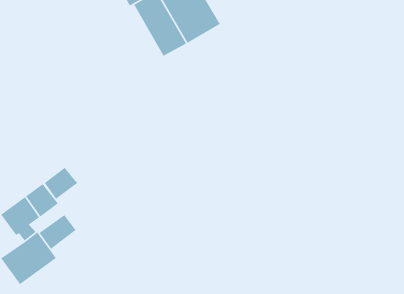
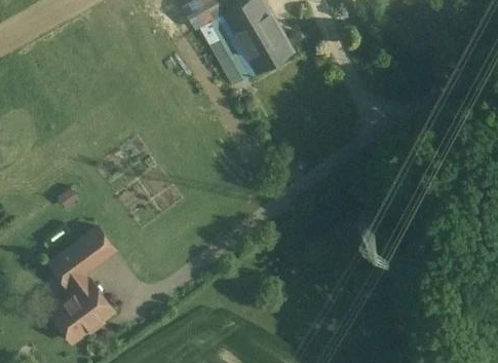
building: [44,167,78,200] -> none
building: [38,214,77,250] -> none

